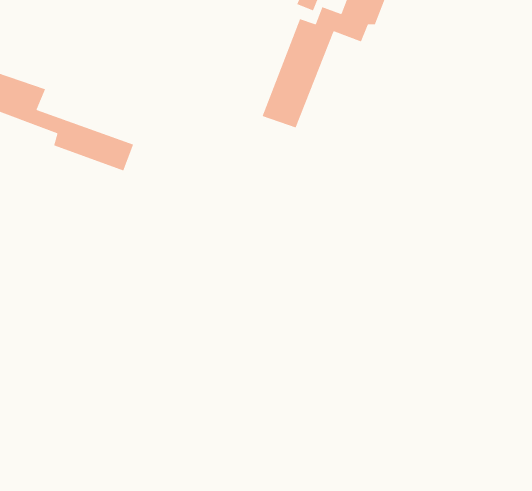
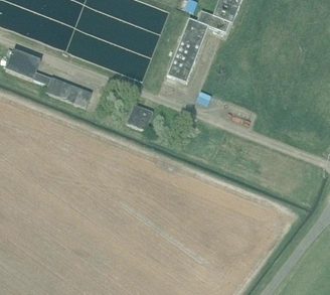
building: none -> [127,102,154,130]

